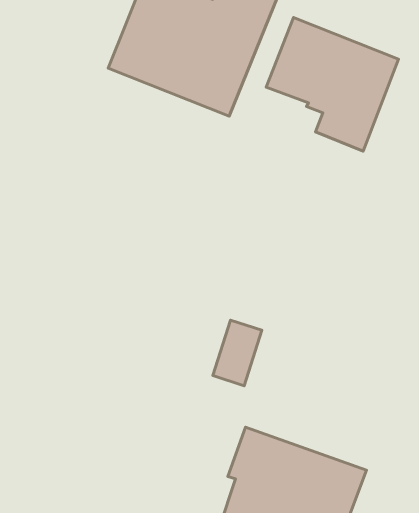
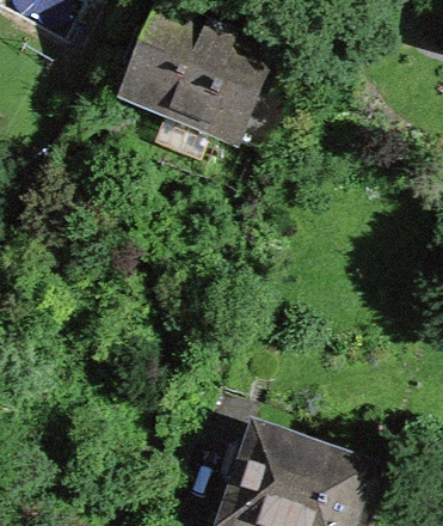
building: [266,18,399,151] -> none

